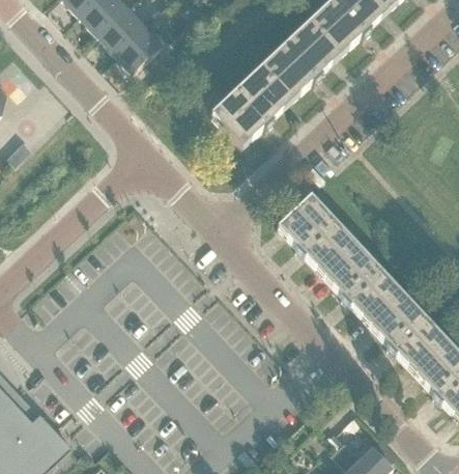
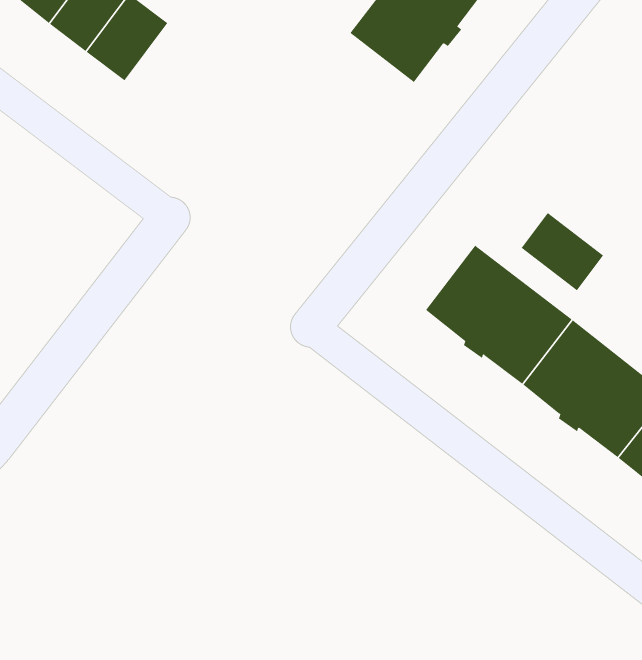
building: [209,65,290,145] -> none
building: none -> [521,212,604,291]

